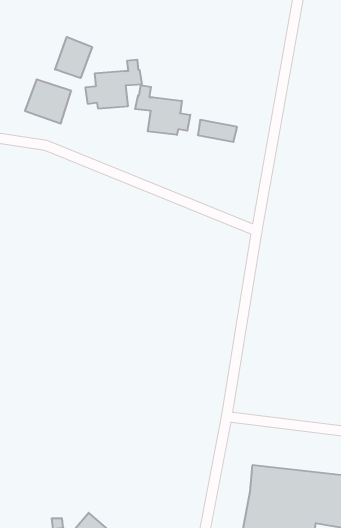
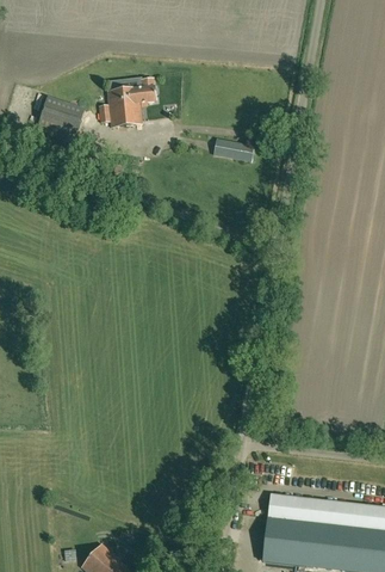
building: [55,37,92,78] -> none
building: [135,85,190,135] -> none

